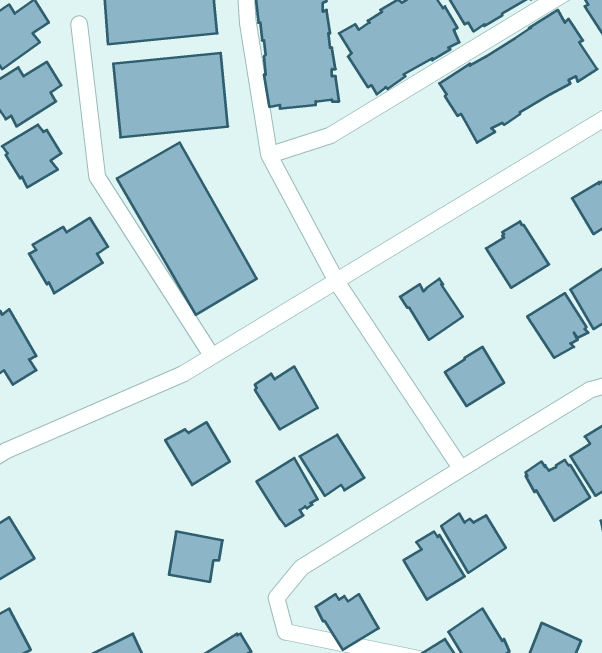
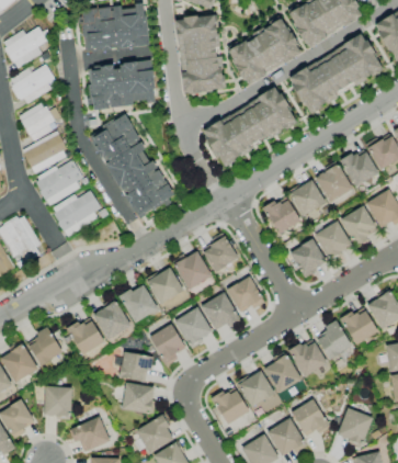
building: none -> [201,86,297,167]
building: none -> [22,131,67,174]
building: none -> [340,153,378,187]
building: none -> [288,180,327,217]
building: none -> [53,191,102,237]
building: none -> [314,222,352,261]
building: none -> [203,234,238,273]
building: none -> [146,268,184,305]
building: none -> [226,276,264,310]
building: none -> [93,300,130,340]
building: none -> [317,320,352,360]
building: none -> [66,323,104,355]
building: none -> [149,325,184,365]
building: none -> [25,327,64,366]
building: none -> [237,371,274,407]
building: none -> [122,383,156,415]
building: none -> [45,387,71,417]

